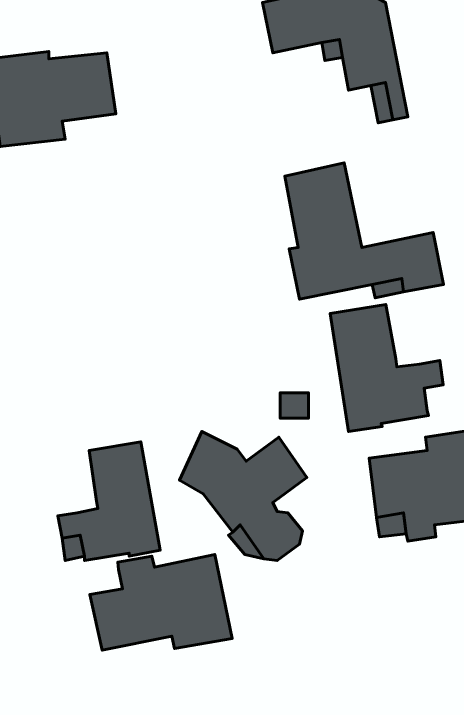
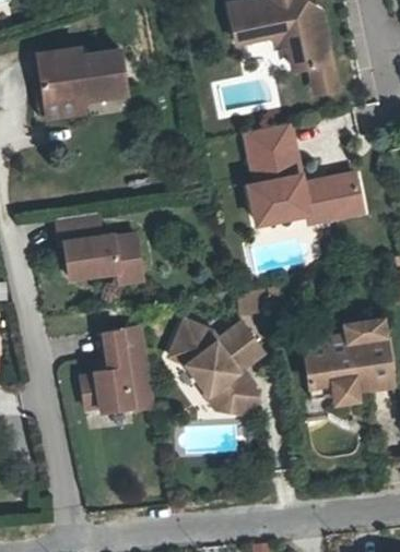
building: none -> [56,215,146,280]
building: [330,304,443,431] -> none
building: [90,555,232,650] -> none

